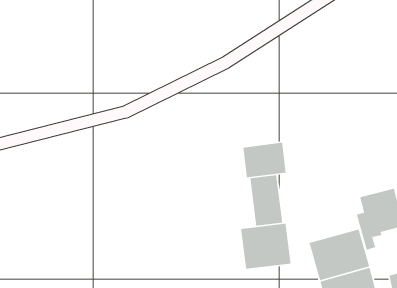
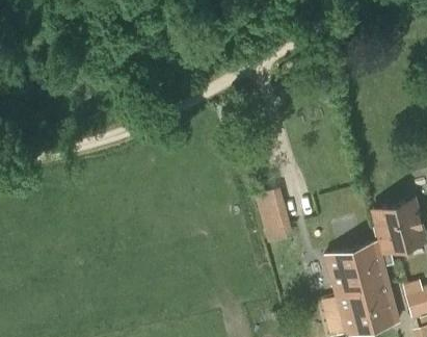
building: [242,142,286,178] -> none
building: [240,223,291,270] -> none

